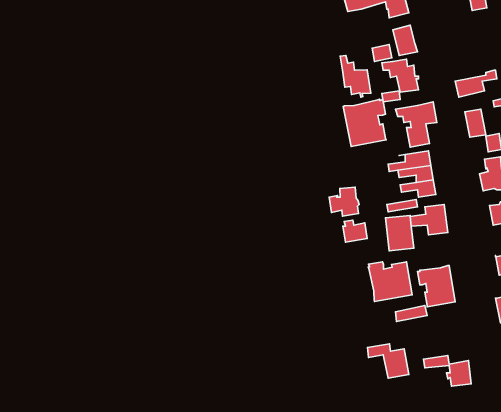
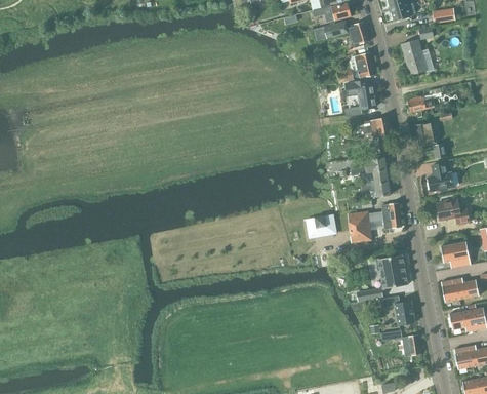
building: none -> [401,40,434,75]
building: [340,56,371,97] -> none
building: [343,99,386,147] -> none
building: [329,187,359,216] -> none
building: [368,262,412,302] -> none
building: [367,344,409,378] -> [380,297,415,325]

